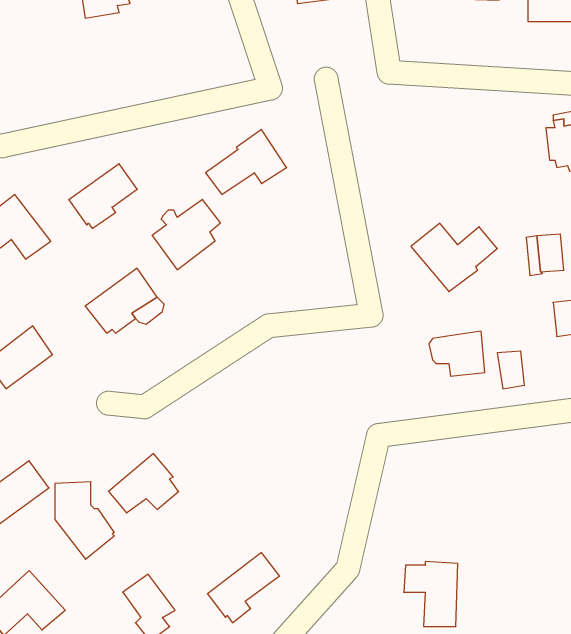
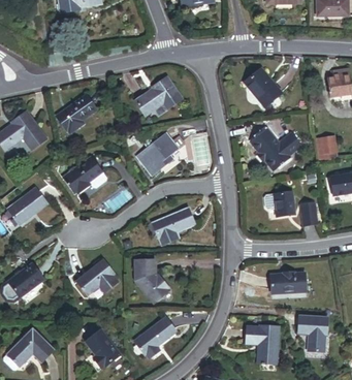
building: none -> [243,68,279,105]
building: [152,199,220,270] -> [136,136,175,177]
building: none -> [152,210,194,247]
building: none -> [268,272,305,292]
building: [55,482,114,559] -> [134,260,168,305]
building: none -> [298,316,326,350]

